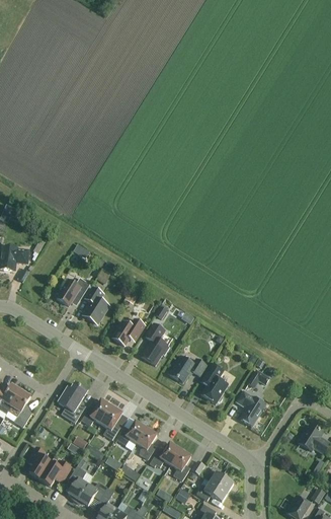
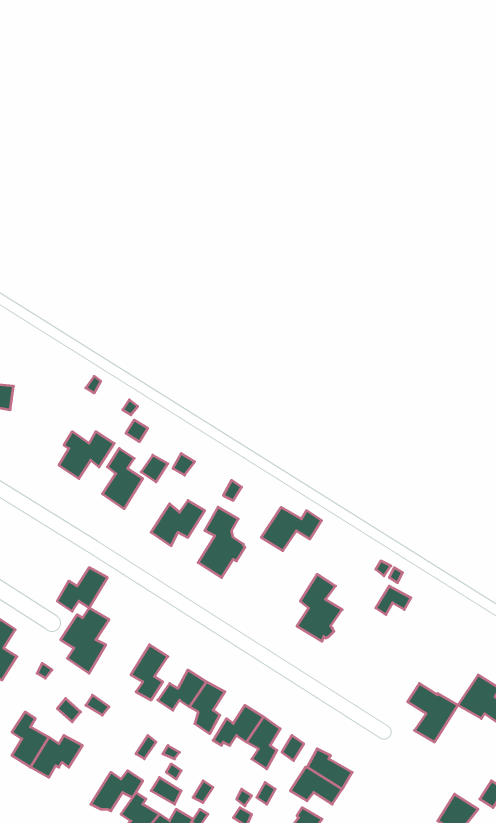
building: [169,356,205,382] -> [261,507,322,551]
building: [236,390,266,426] -> [408,683,458,742]
building: [81,399,111,426] -> [57,568,107,611]
building: [68,465,88,502] -> none

